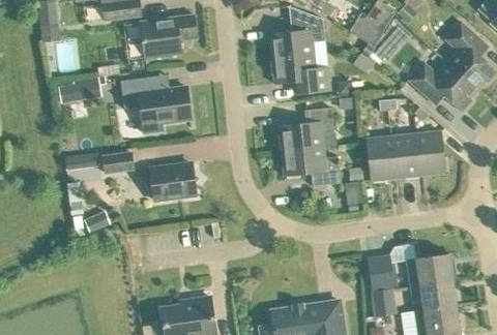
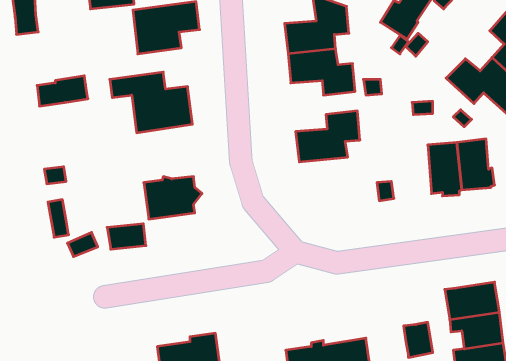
building: [366,136,394,183] -> none
building: [282,147,341,186] -> none
building: [99,152,133,174] -> [107,224,146,249]
building: [368,255,392,291] -> none

